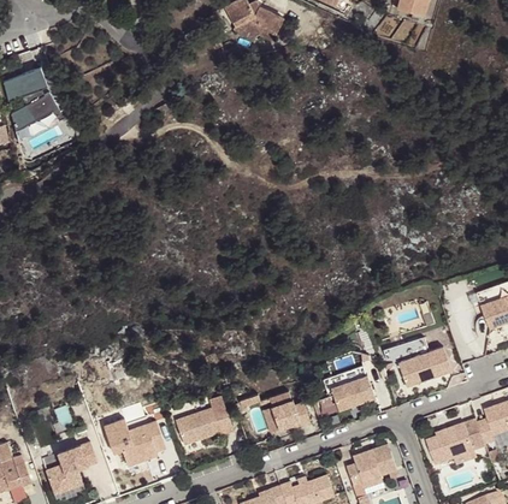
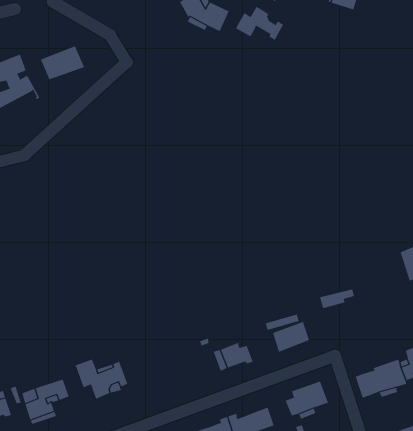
building: none -> [235,6,284,41]
building: none -> [40,46,85,80]
building: [397,348,451,386] -> none
building: [175,397,232,444] -> none

